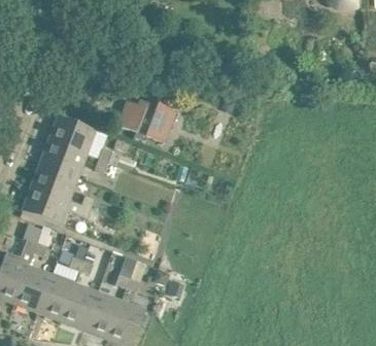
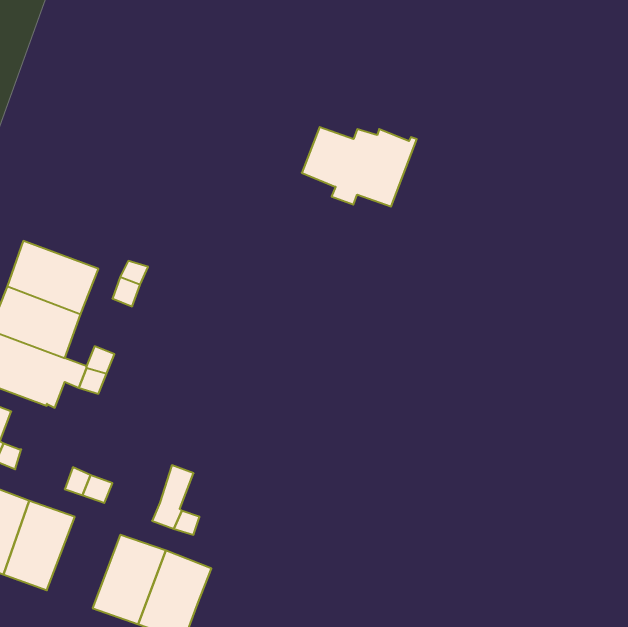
building: [117,99,177,140] -> [302,127,417,207]
building: [47,113,96,151] -> none
building: [60,280,98,327] -> none

